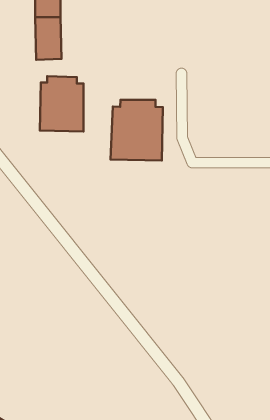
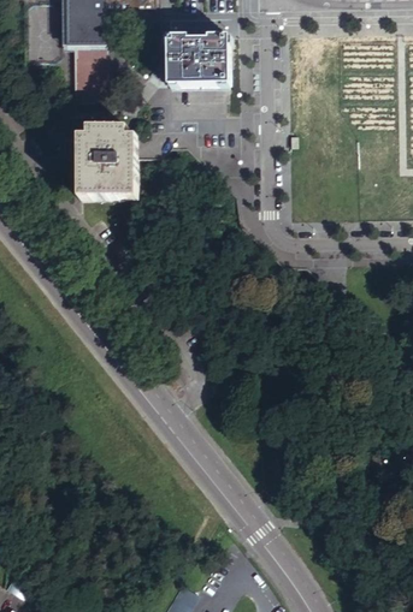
building: none -> [167,36,229,84]
building: [111,100,163,161] -> none

